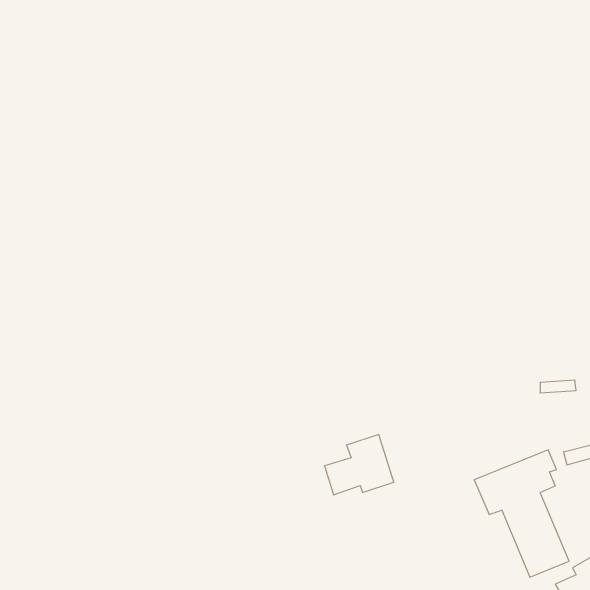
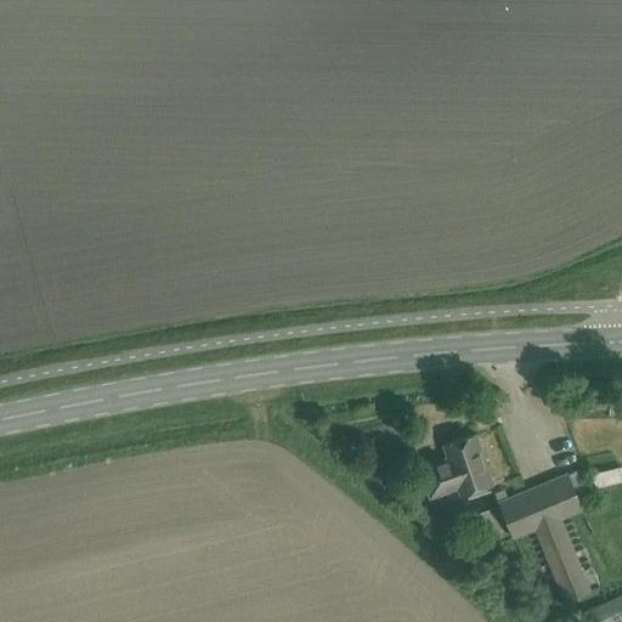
building: [324,435,394,495] -> [422,436,494,499]

